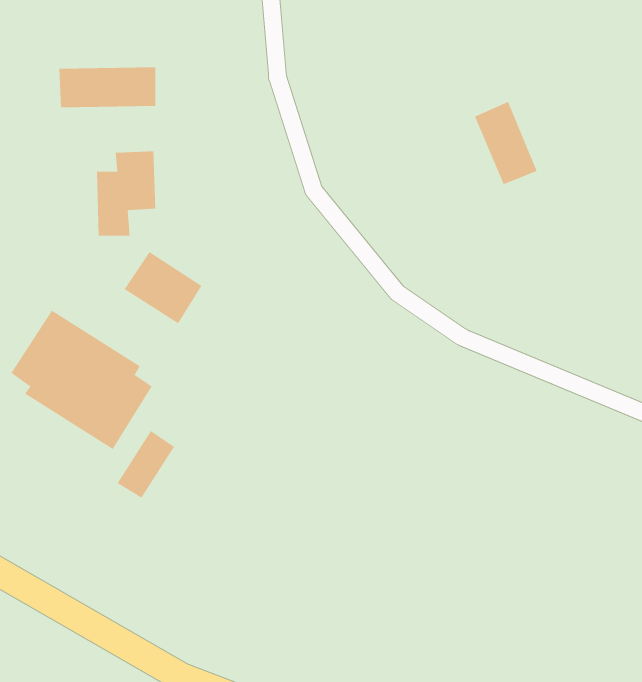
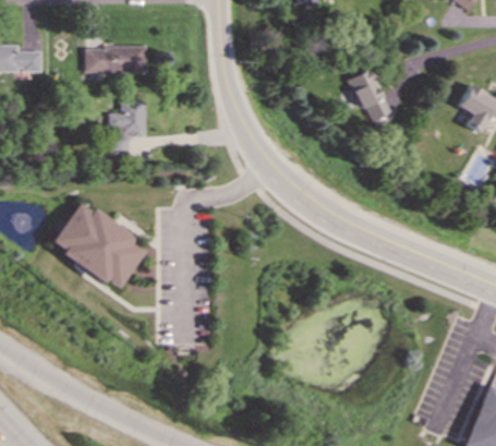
building: [124,251,202,324] -> none
building: [117,430,175,498] -> none

